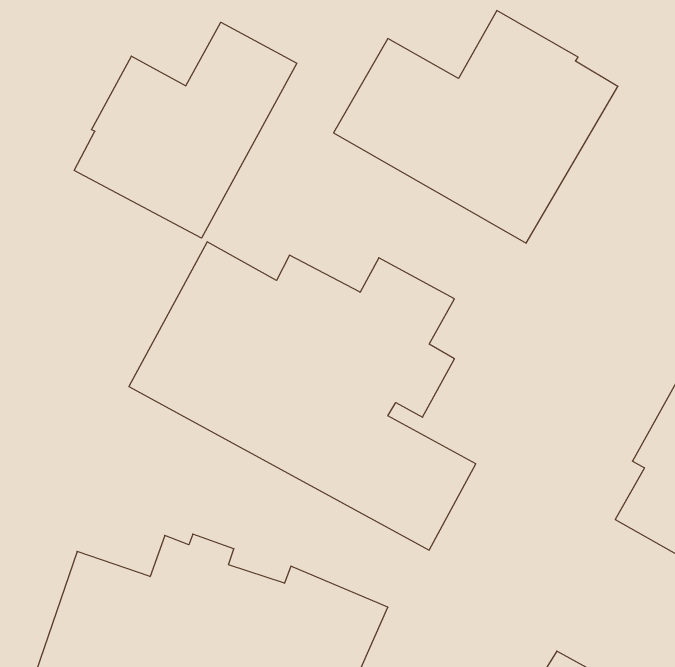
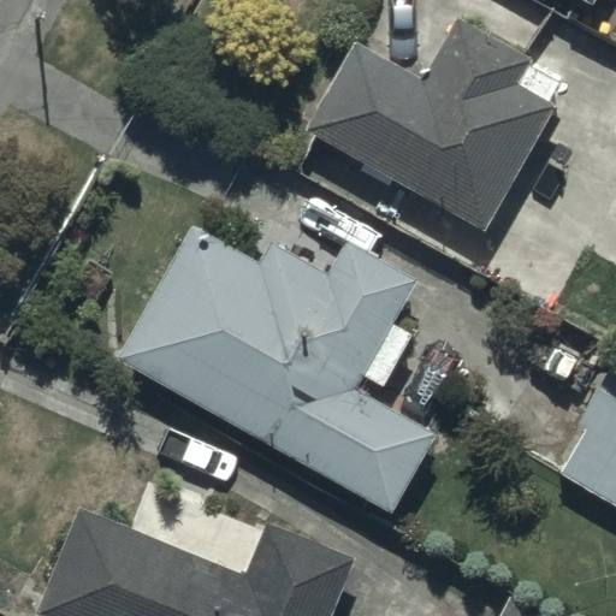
building: [74,22,297,238] -> none

